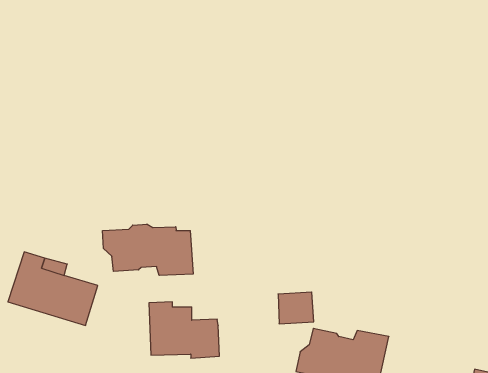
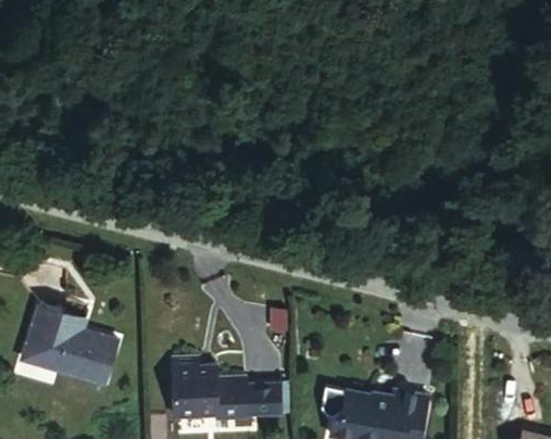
building: [103,224,193,275] -> none
building: [278,292,314,324] -> [247,381,285,415]

